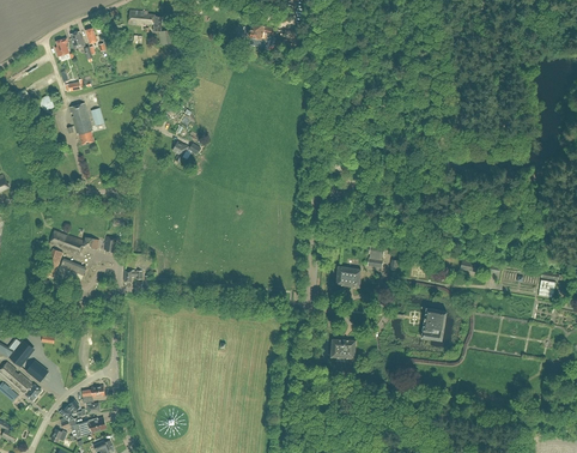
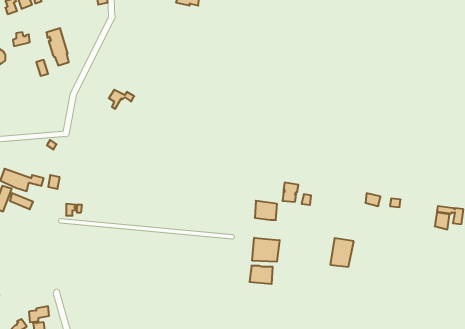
building: [68,103,93,145] -> [46,28,69,65]
building: none -> [252,238,280,262]

